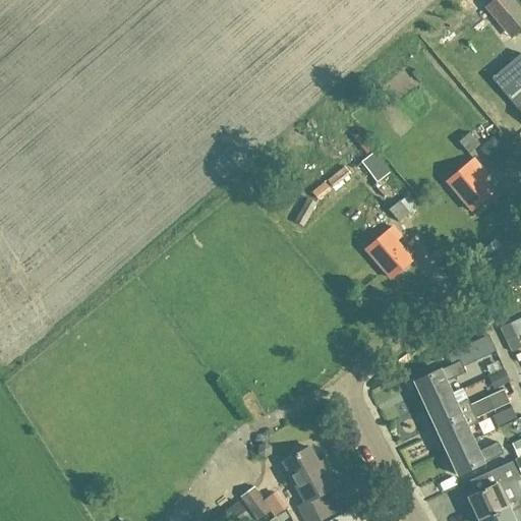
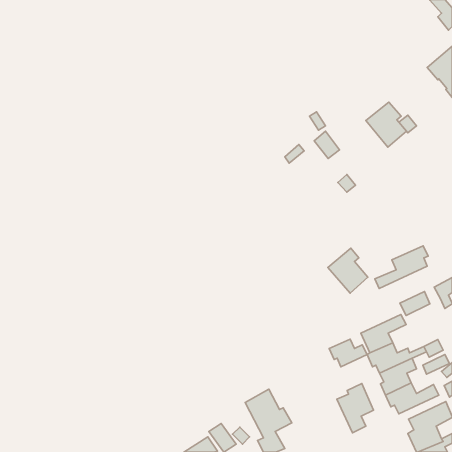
building: [447,159,494,211] -> [366,102,406,147]
building: [365,225,411,277] -> [328,248,368,293]
building: none -> [375,246,428,288]
building: none -> [329,339,367,367]
building: none -> [337,384,374,433]

